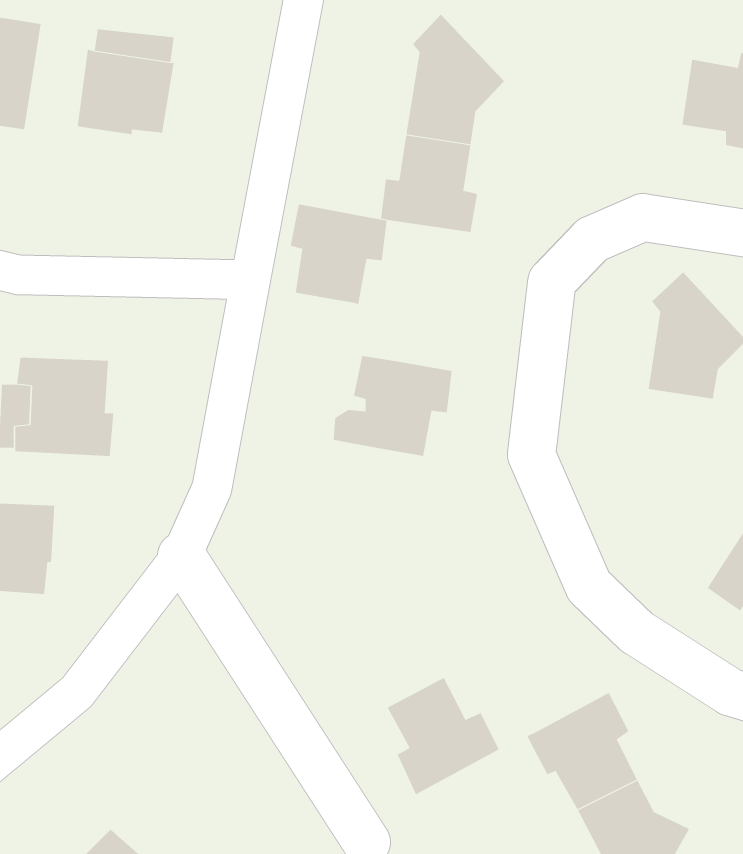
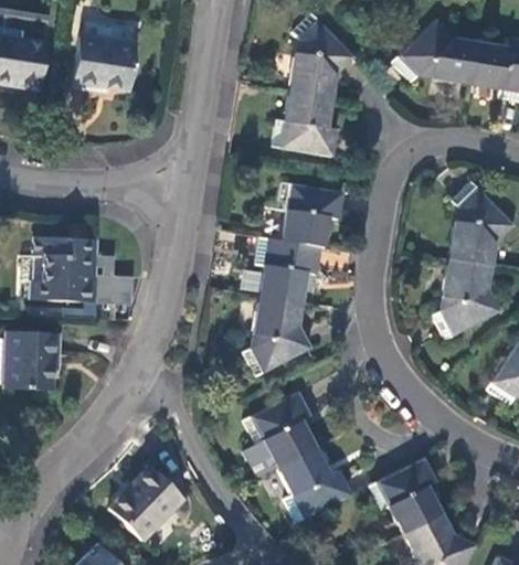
building: none -> [393,21,478,85]
building: [290,204,387,305] -> [279,181,343,247]
building: none -> [435,258,501,339]
building: none -> [244,295,310,375]
building: none -> [244,392,316,477]
building: none -> [107,465,186,544]

